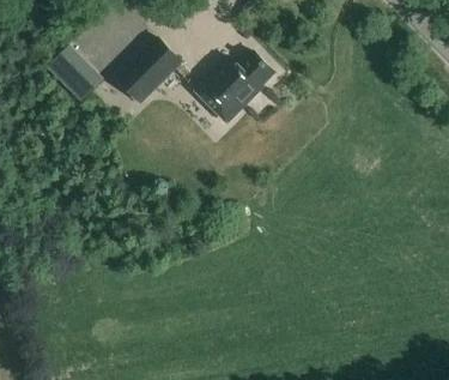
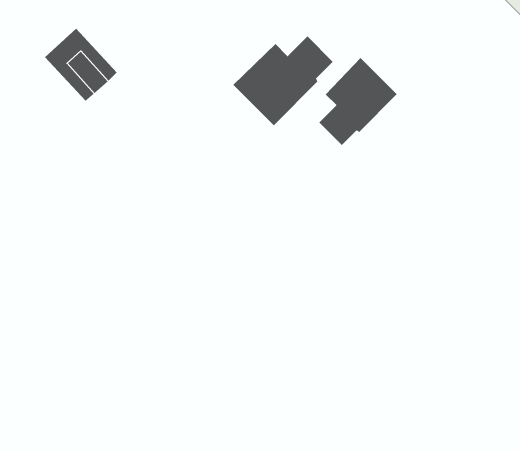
building: [114,38,182,107] -> none
building: none -> [319,57,398,146]

